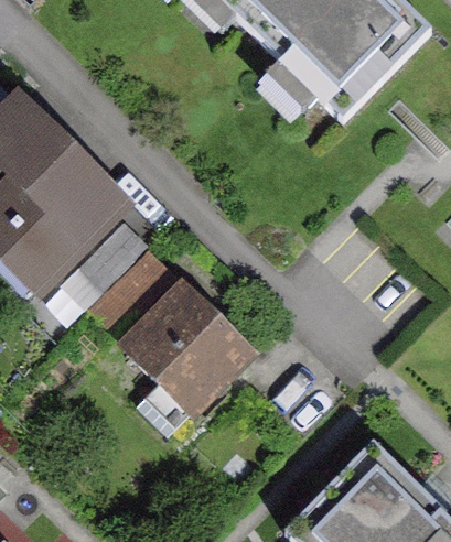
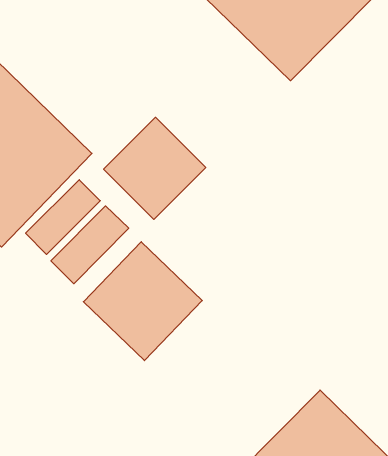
building: none -> [104,117,206,219]

